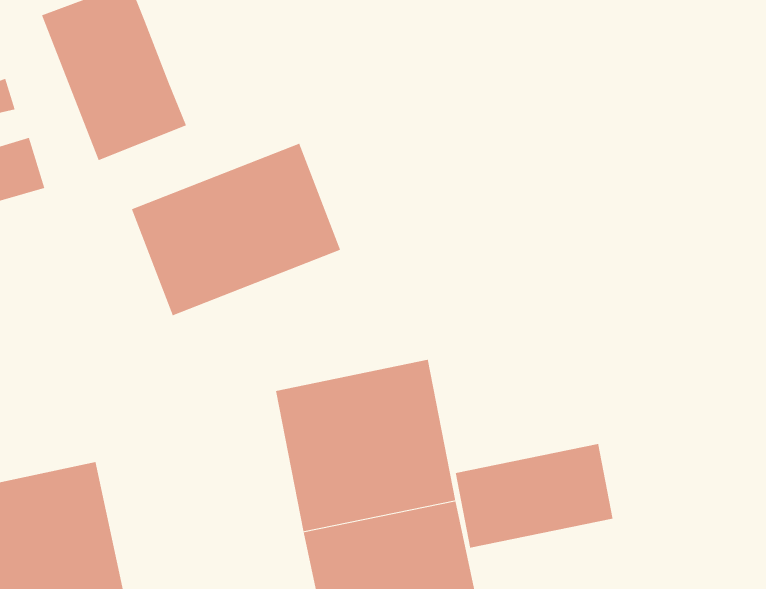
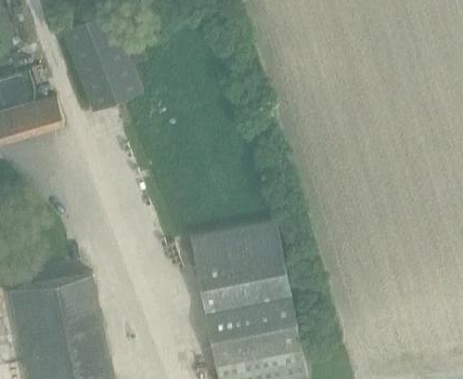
building: [131,143,341,316] -> none
building: [455,443,613,549] -> none

